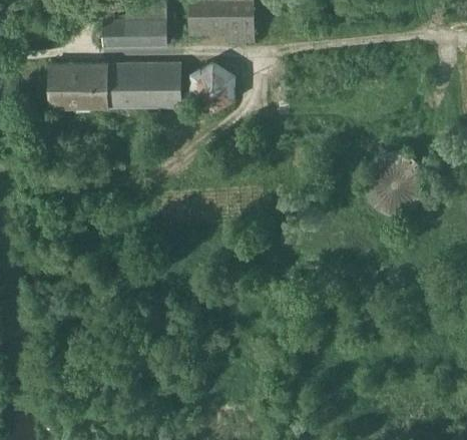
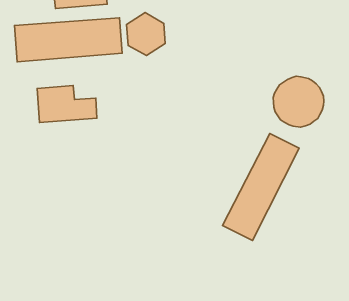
building: none -> [37,86,97,122]
building: none -> [222,133,299,241]

